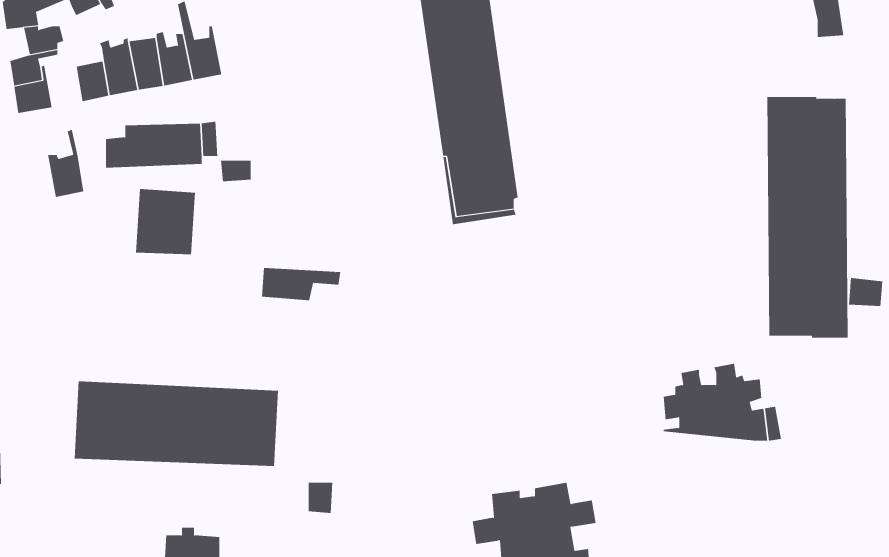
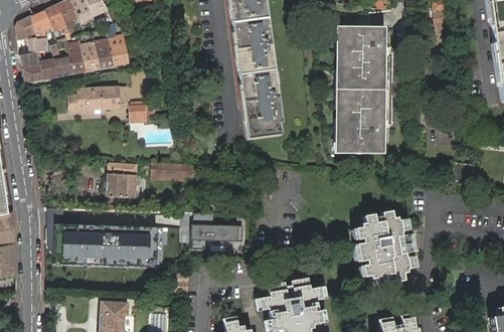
building: [766,96,848,338] -> [340,28,382,153]
building: [47,129,84,197] -> [38,44,57,79]
building: [135,188,196,255] -> [104,162,135,196]
building: none -> [191,221,244,240]
building: none -> [357,246,413,283]

